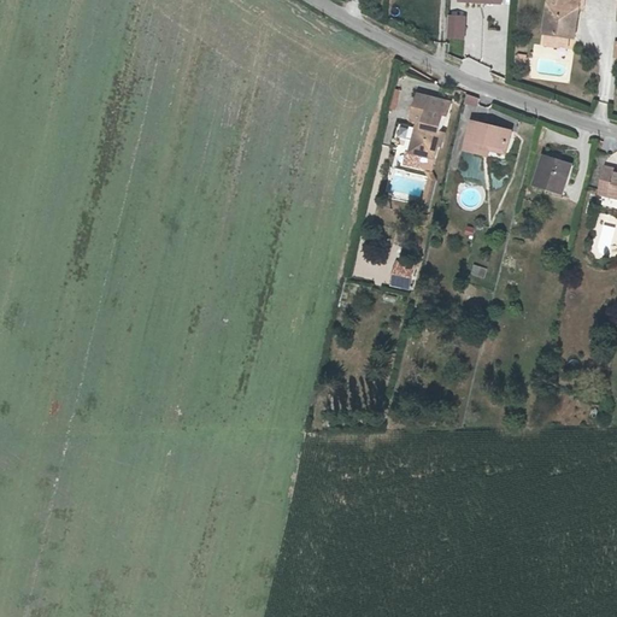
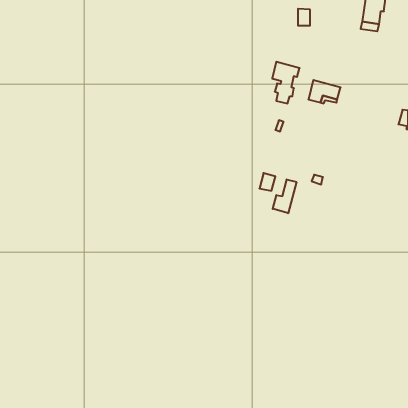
building: [533,154,570,194] -> none
building: none -> [273,179,296,213]

